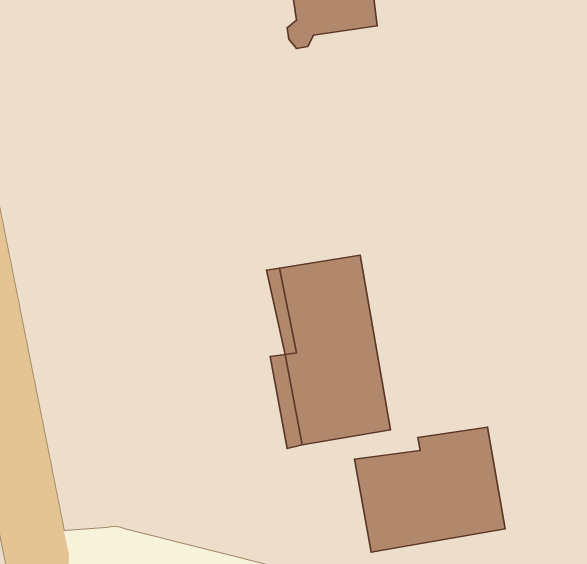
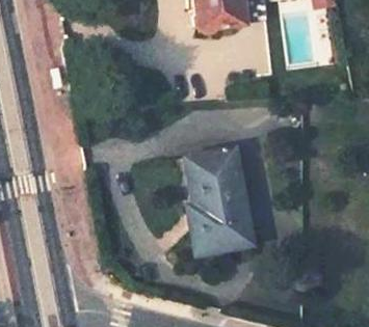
building: [355,427,505,552] -> none

